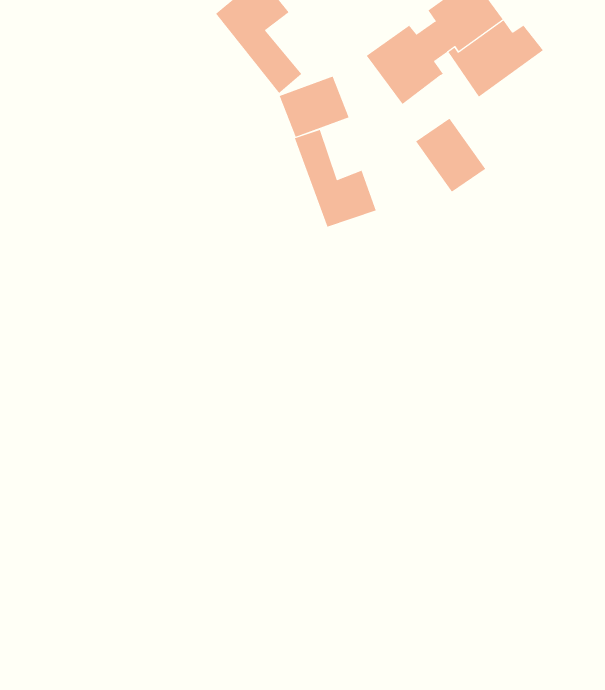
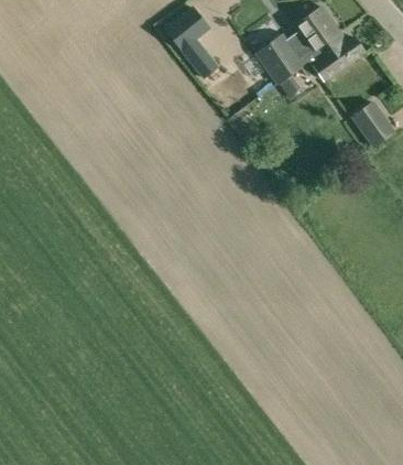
building: [415,118,486,192] -> [352,101,395,147]
building: [294,129,377,227] -> none

